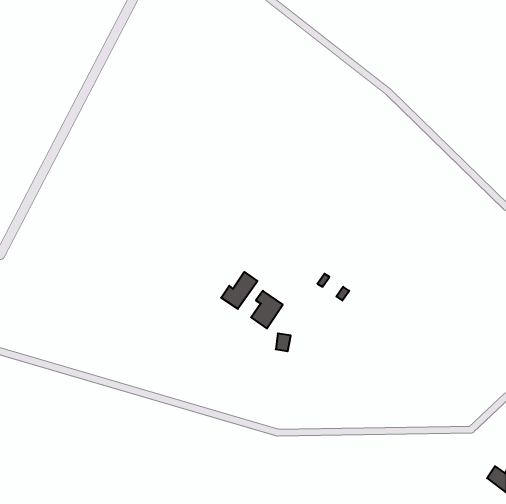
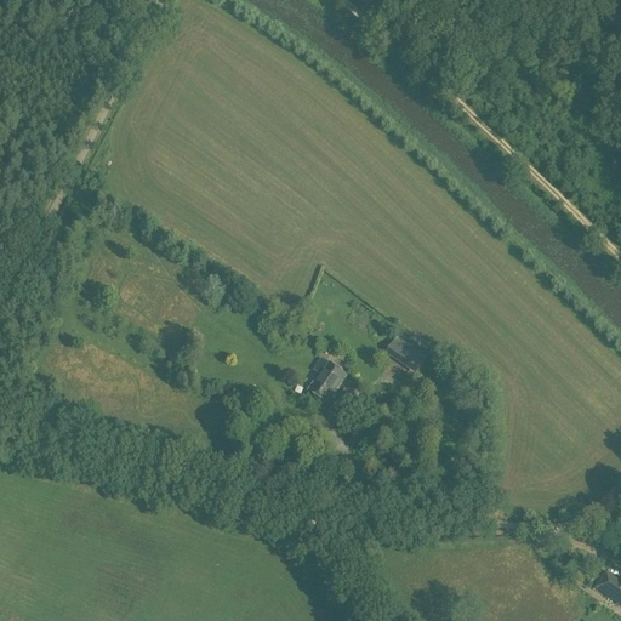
building: [221,272,257,309] -> none

